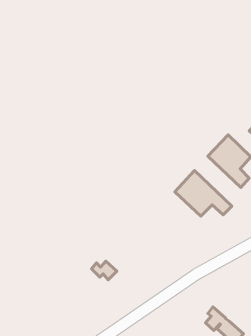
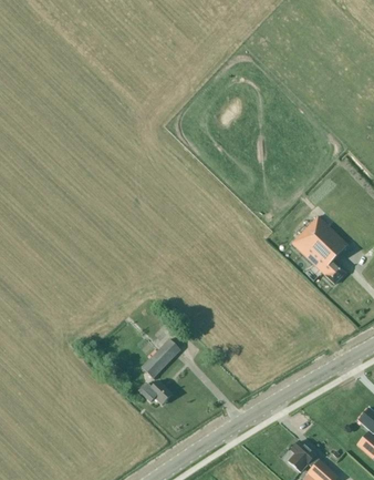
building: [175,171,232,216] -> none
building: none -> [142,338,180,378]

